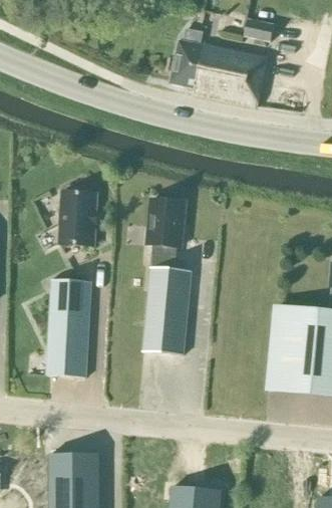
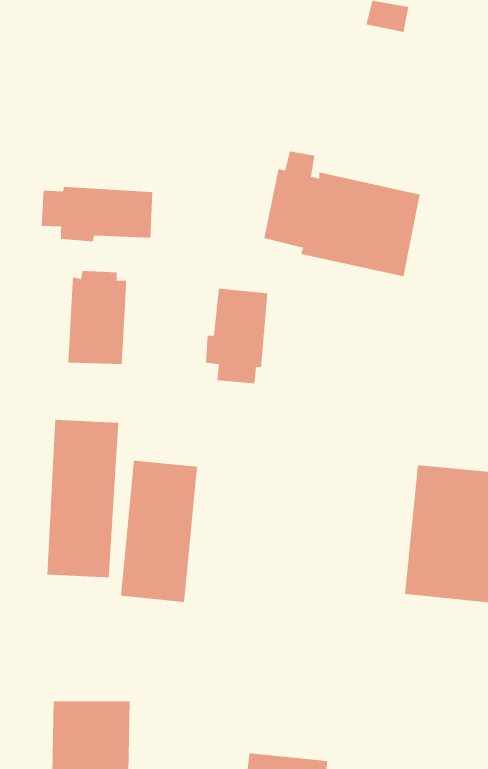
building: [170,28,267,106] -> [263,151,420,277]
building: none -> [41,186,153,242]
building: [142,267,191,355] -> [120,460,198,602]

